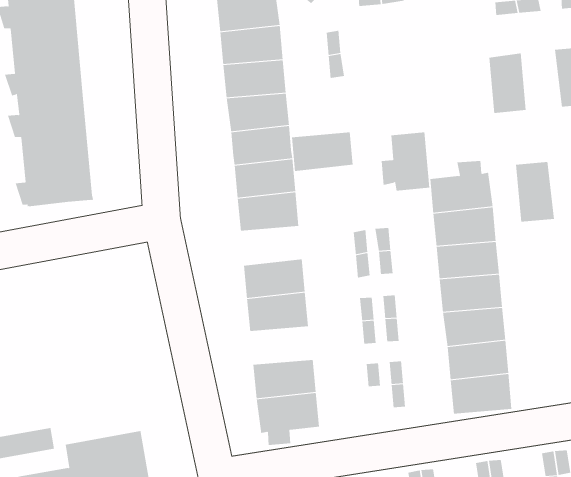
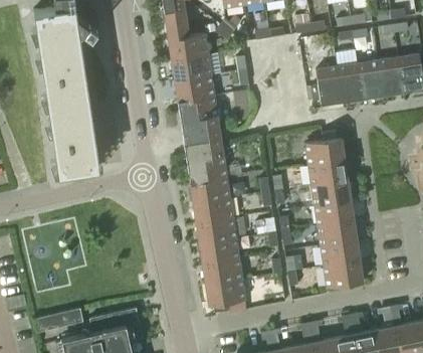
building: [291,132,354,172] -> [190,177,229,203]
building: [381,132,430,191] -> [310,67,342,105]
building: [515,161,555,222] -> [357,60,383,99]
building: none -> [199,238,239,263]

